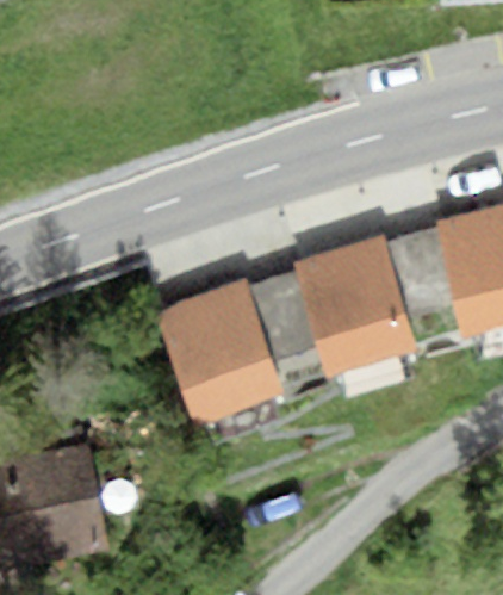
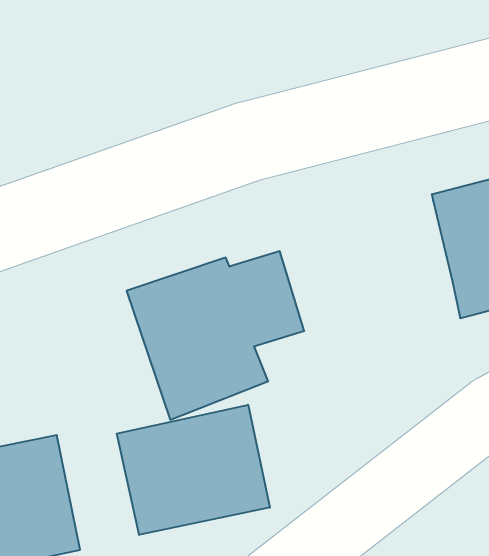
building: [292,227,455,377] -> none
building: none -> [117,405,270,535]

